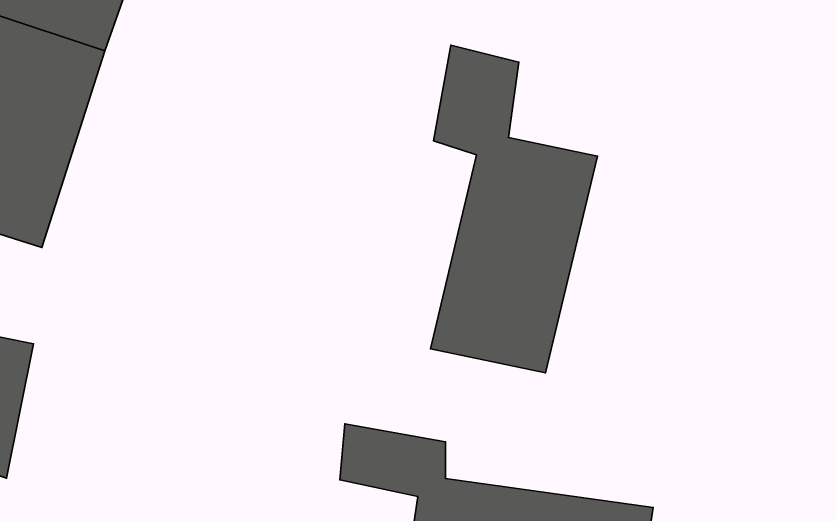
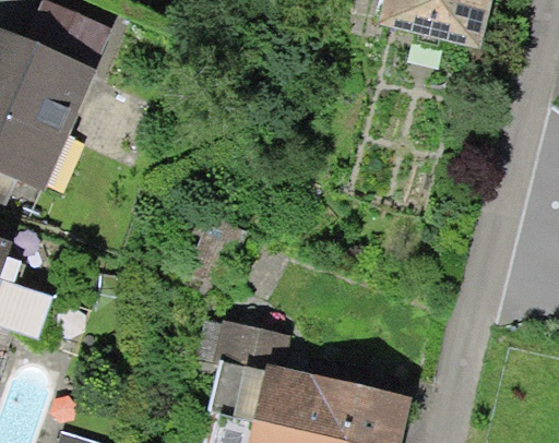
building: [430,45,598,373] -> none

